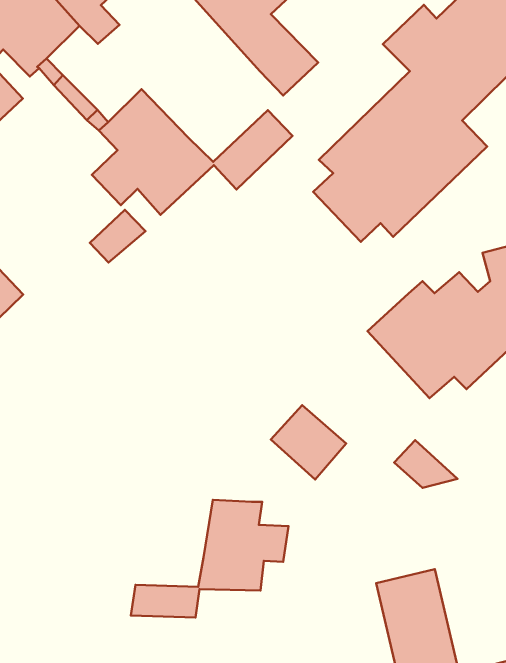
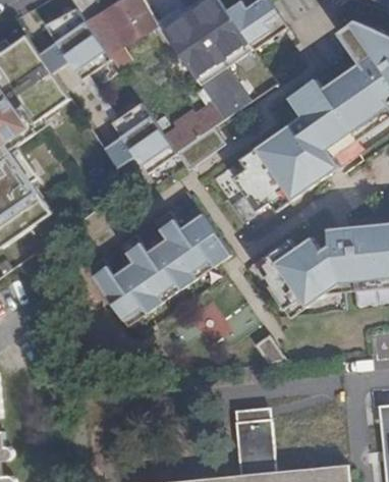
building: none -> [164,102,223,151]
building: none -> [86,191,230,320]
building: [131,500,289,618] -> none

